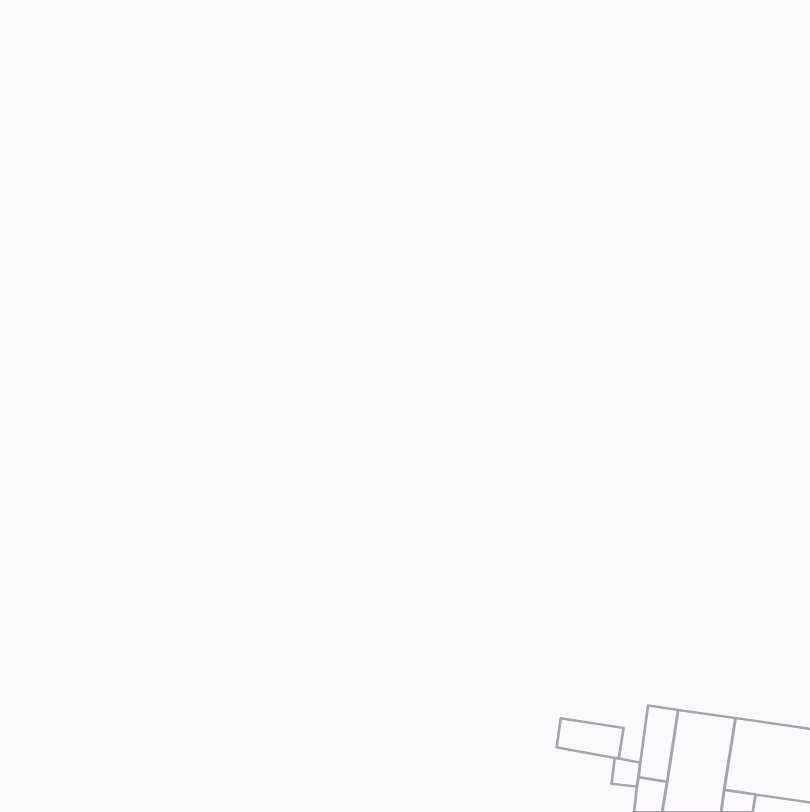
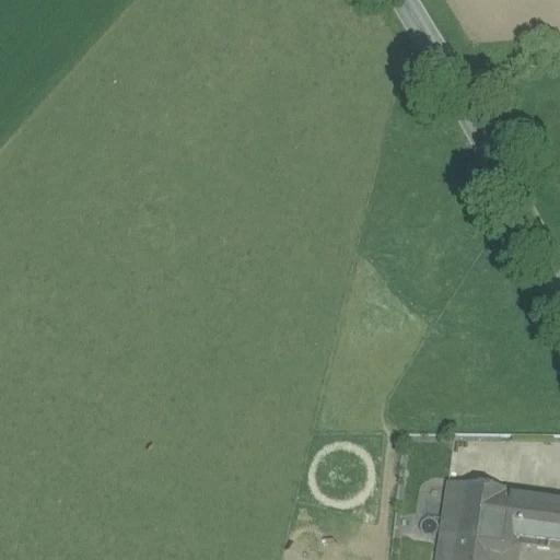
building: [557,718,623,759] -> none

